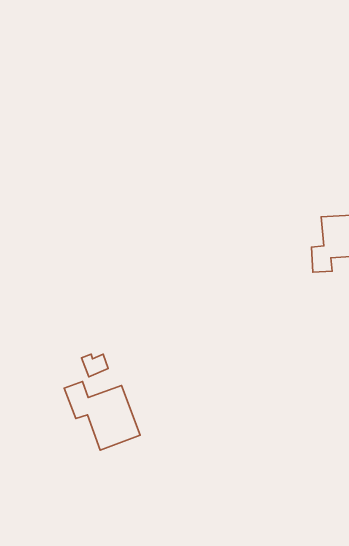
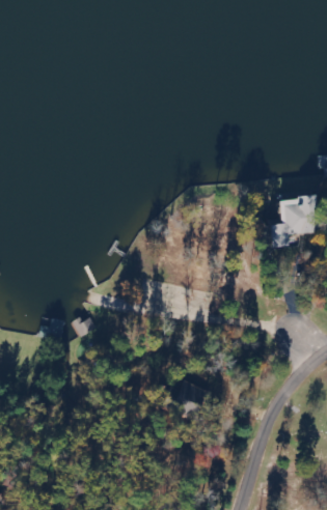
building: [64,381,140,450] -> none

